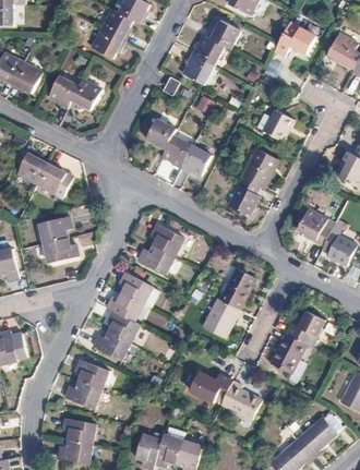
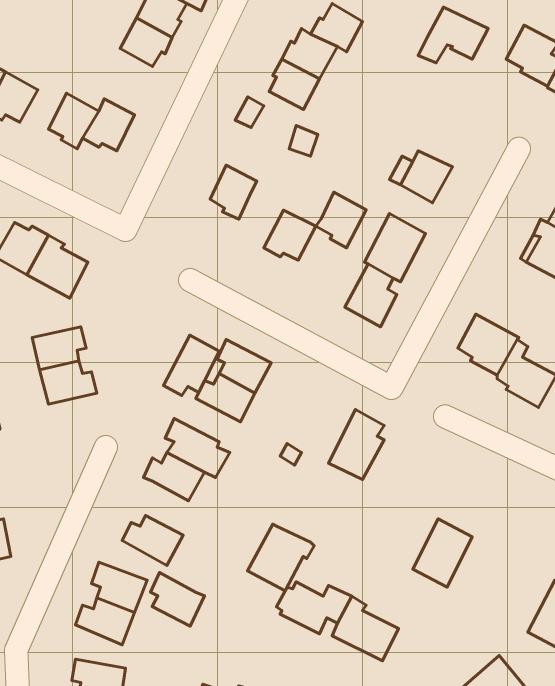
building: [160,134,191,168] -> [316,192,366,248]
building: none -> [164,335,219,396]
building: [201,298,241,338] -> [248,524,314,591]
building: [106,310,139,342] -> [151,572,204,626]
building: [285,311,325,347] -> none

